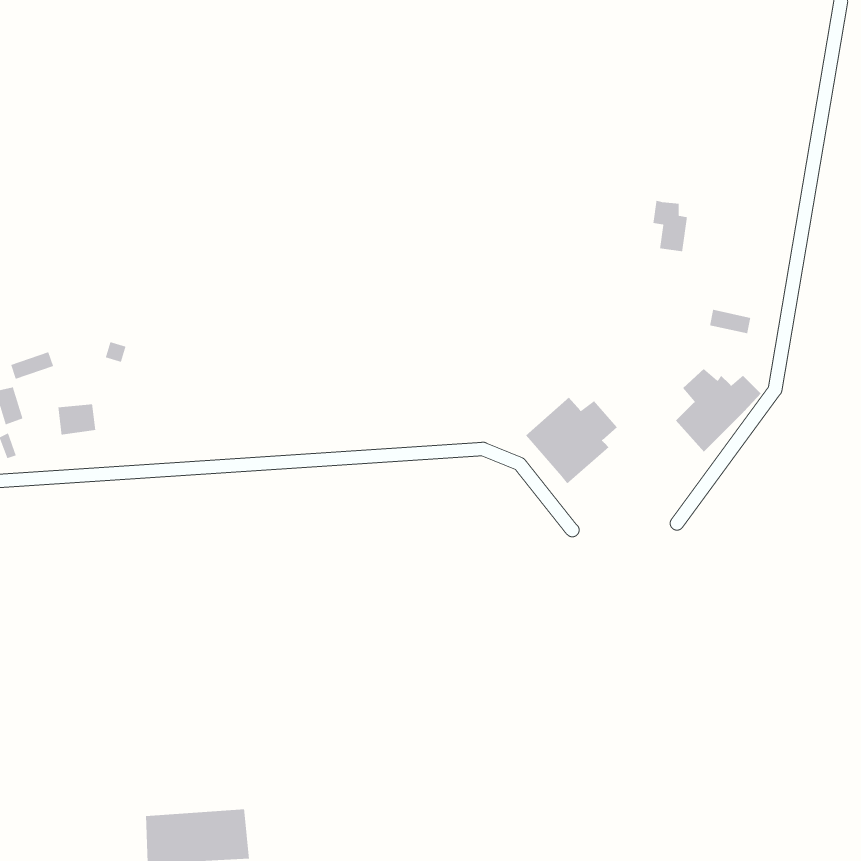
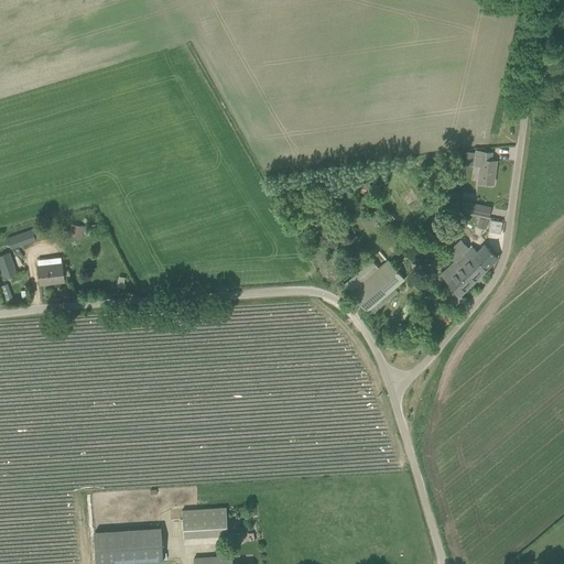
building: [652,200,688,252] -> [473,151,496,185]
building: none -> [183,507,229,538]

